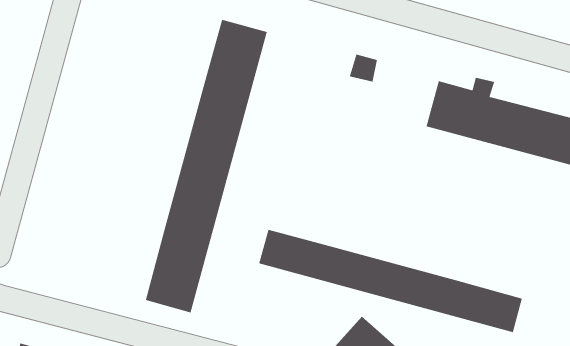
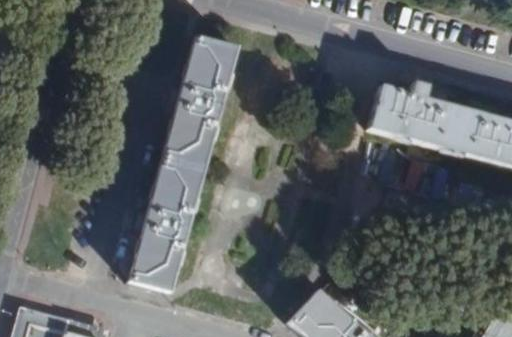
building: [258,229,523,333] -> none

